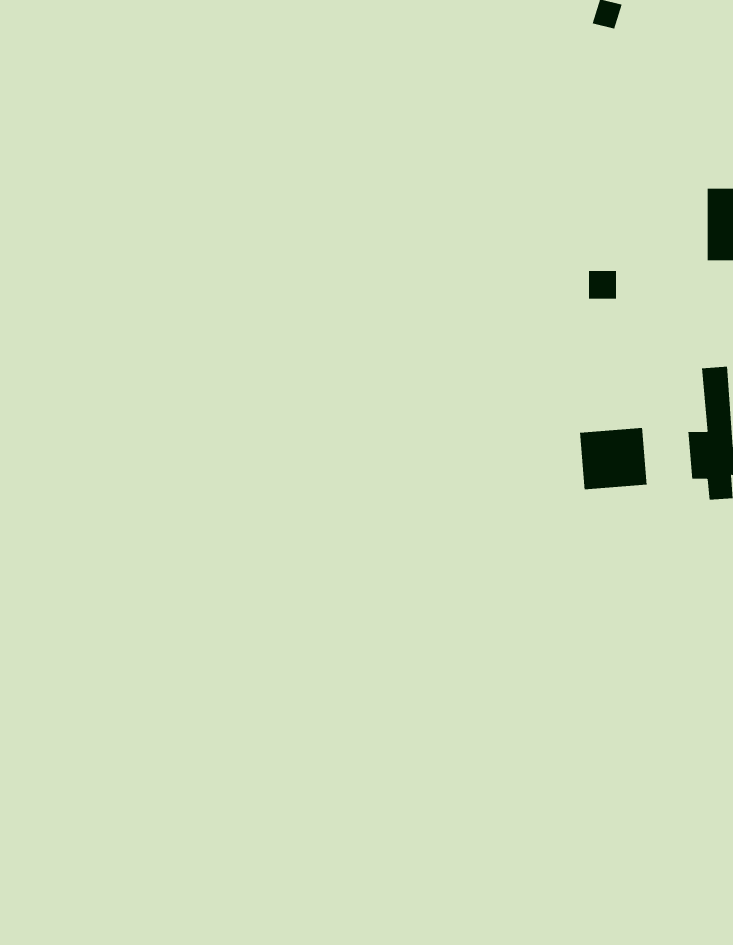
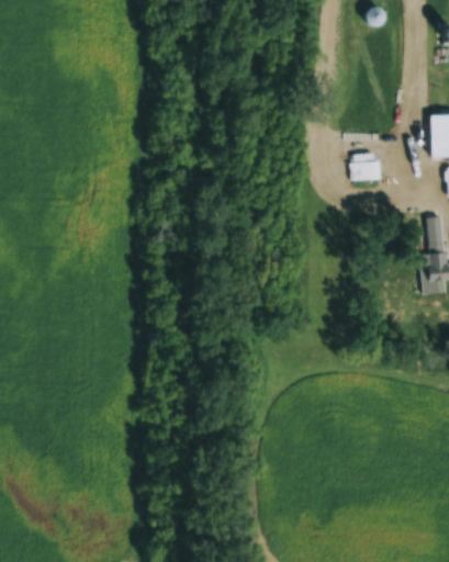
building: [579,427,647,490] -> none

